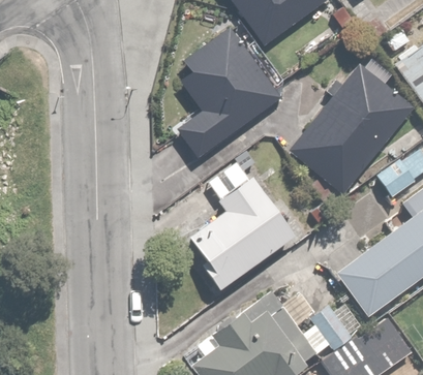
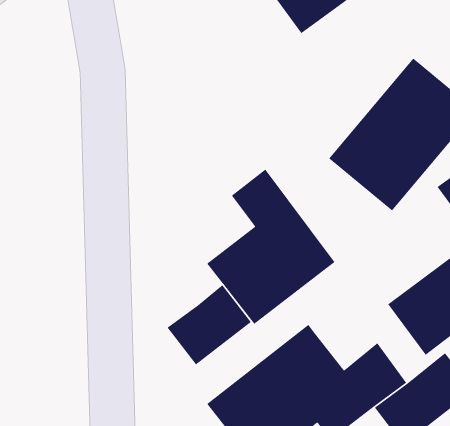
building: [175,27,283,158] -> none
building: none -> [167,284,252,366]

